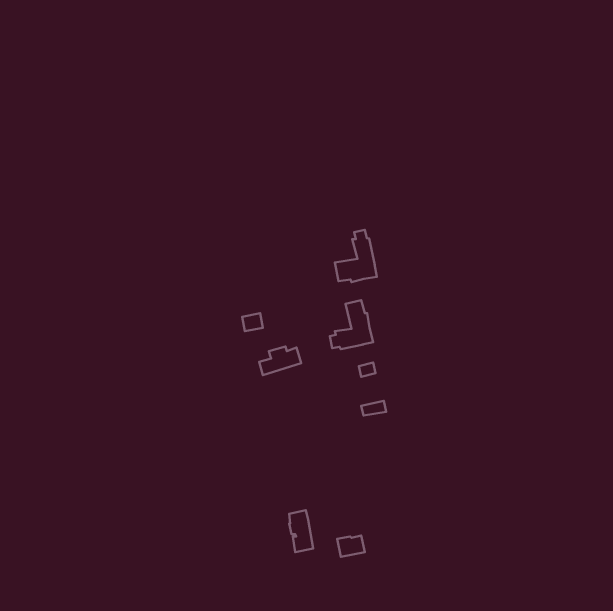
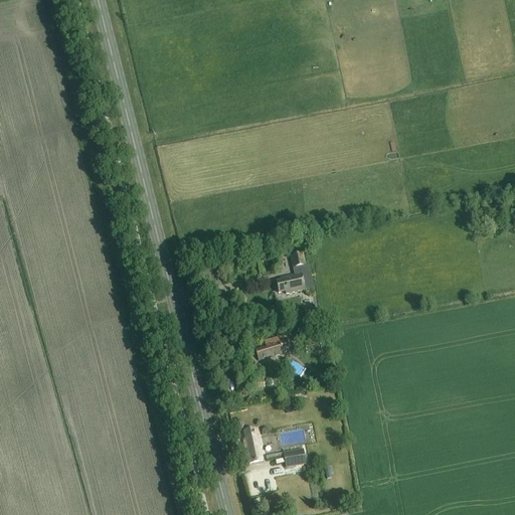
building: [335,230,377,282] -> none
building: [259,346,301,375] -> [255,336,291,360]

